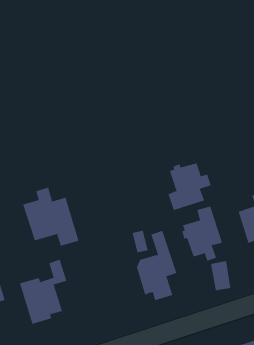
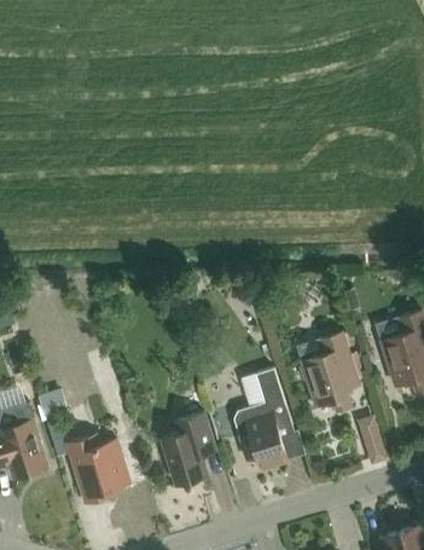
building: [168,163,211,211] -> none
building: [23,187,79,247] -> none
building: none -> [162,412,216,485]

